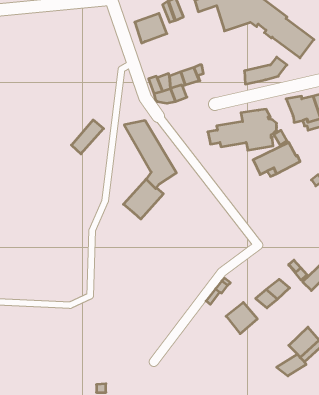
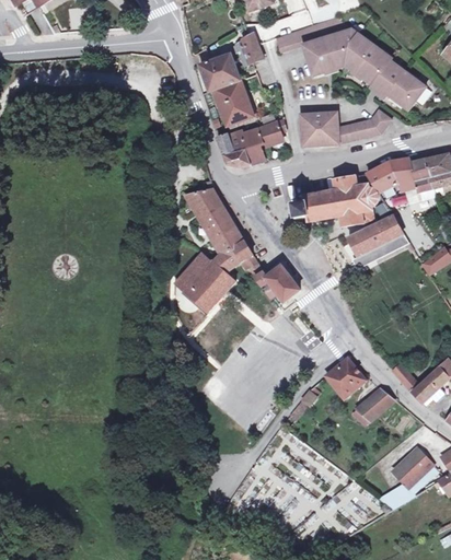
building: none -> [212,79,253,125]
building: none -> [300,112,338,145]
building: none -> [366,161,400,191]
building: [71,120,104,154] -> [173,250,213,293]
building: none -> [240,254,300,301]
building: [226,302,257,334] -> [325,358,365,397]

